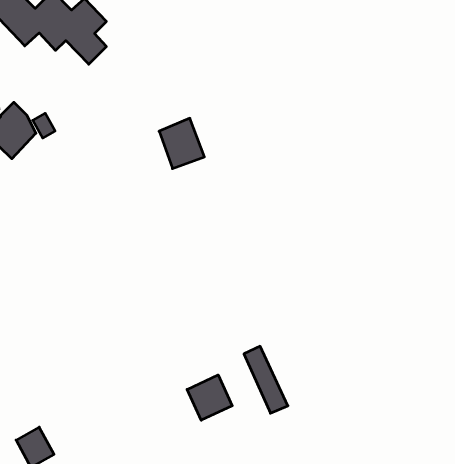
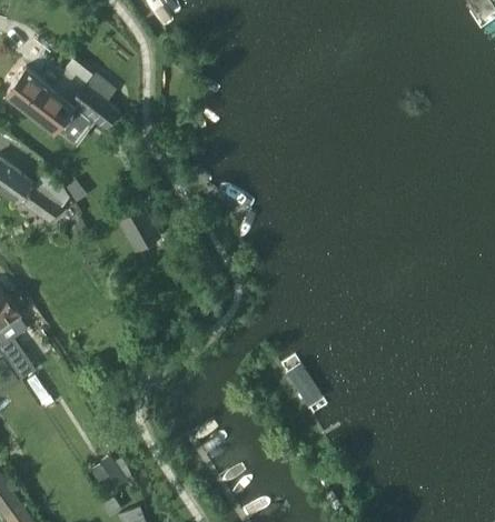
building: [159,118,204,169] -> [119,205,162,252]
building: [187,375,232,420] -> none

